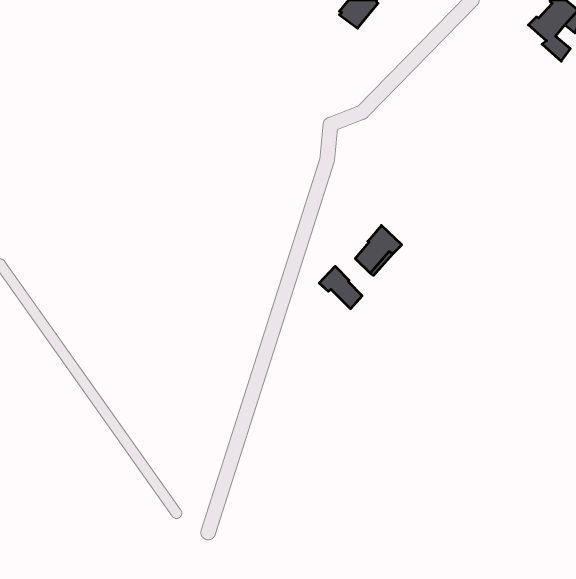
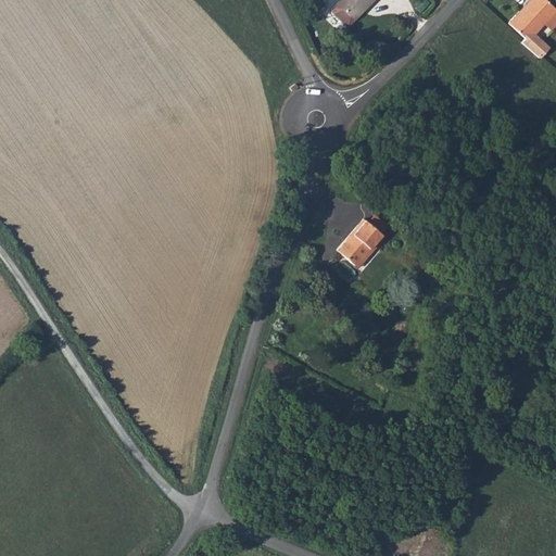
building: [319,266,362,309] -> none

